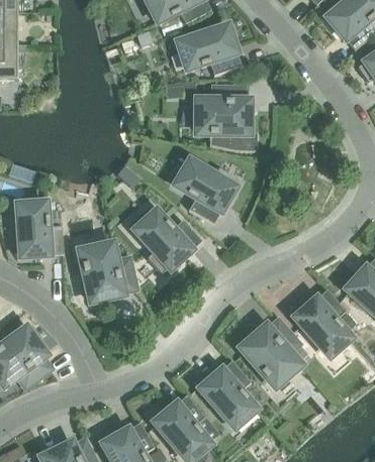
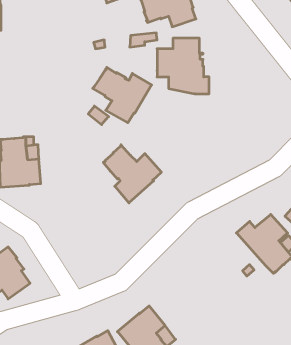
building: [172,159,240,223] -> [93,67,152,123]
building: [80,242,134,302] -> none
building: [238,320,300,385] -> none
building: [192,359,256,428] -> none

